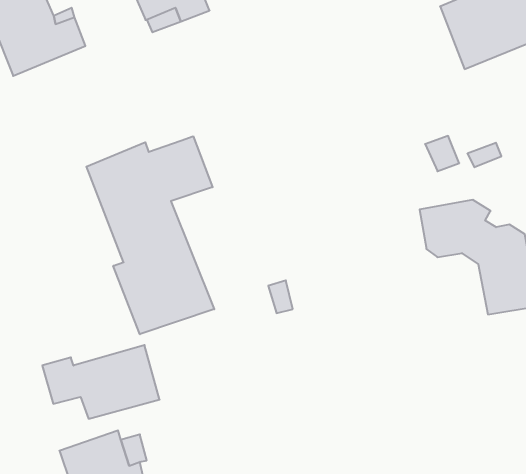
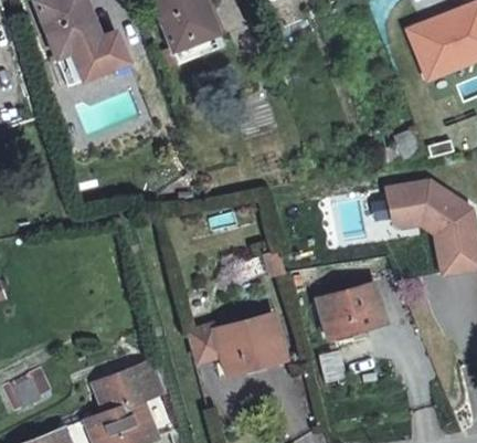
building: [86,136,214,334] -> none
building: none -> [318,285,388,339]
building: [42,345,160,419] -> [190,314,285,373]

